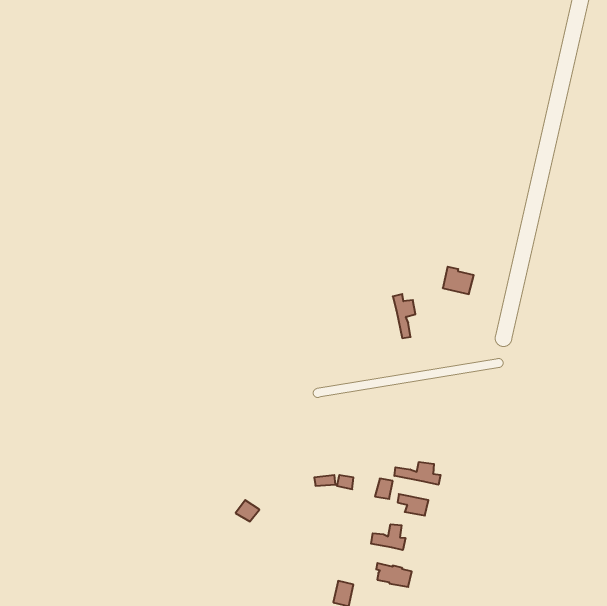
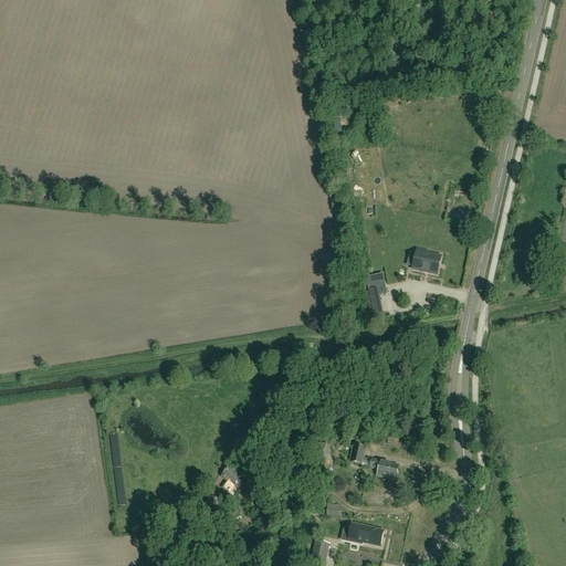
building: [394,462,441,485] -> none
building: [371,524,405,550] -> none

